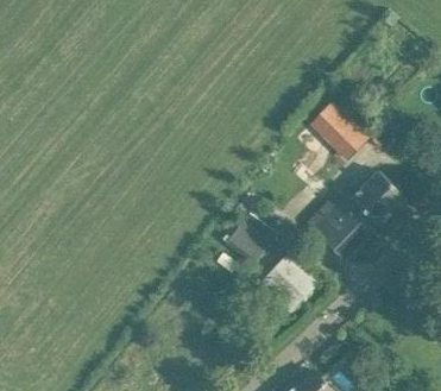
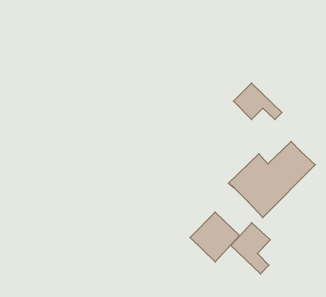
building: [227,225,267,261] -> none
building: none -> [231,223,270,274]

